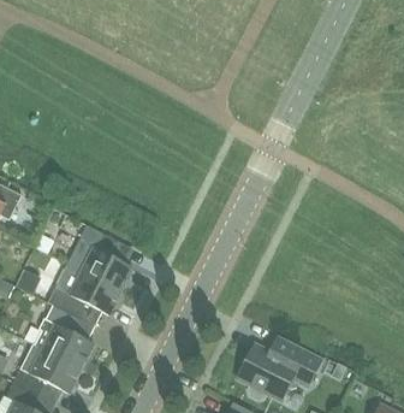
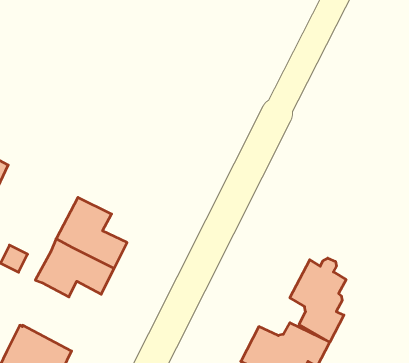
building: none -> [290,258,346,342]
building: [35,303,94,367] -> none

